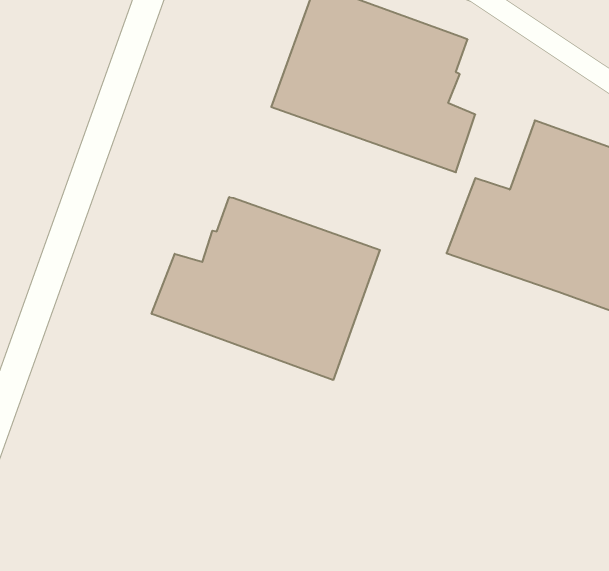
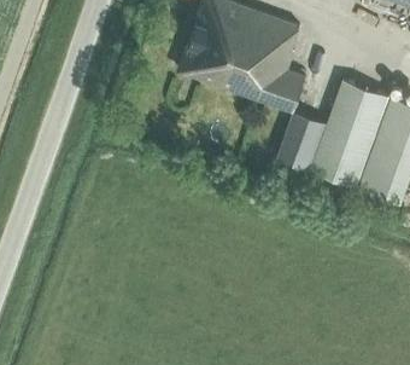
building: [152,197,380,380] -> none

